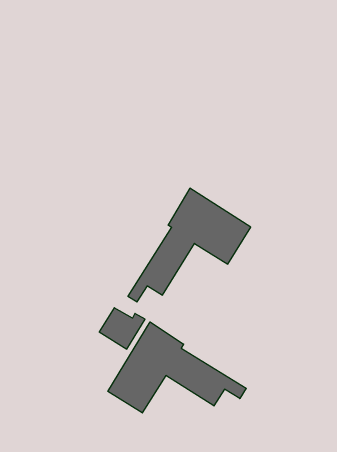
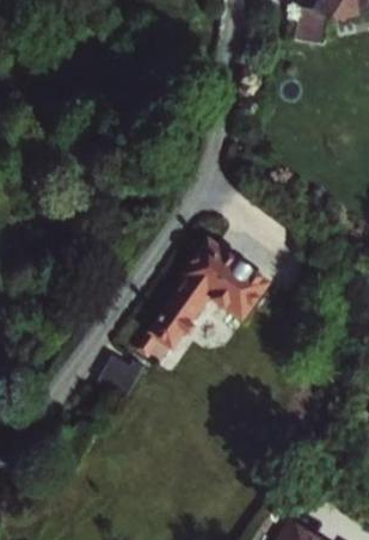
building: [108,322,246,413] -> none

